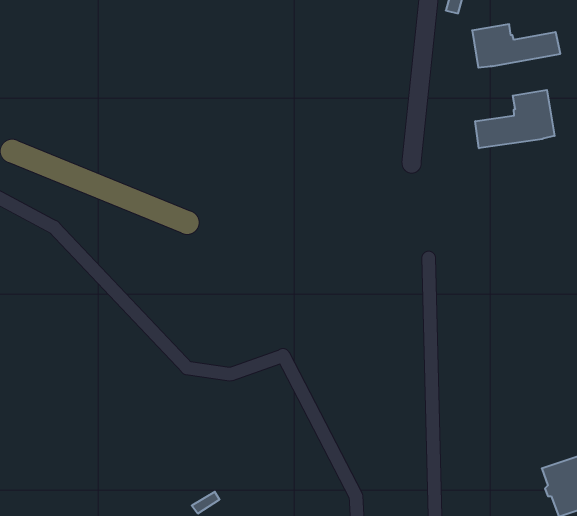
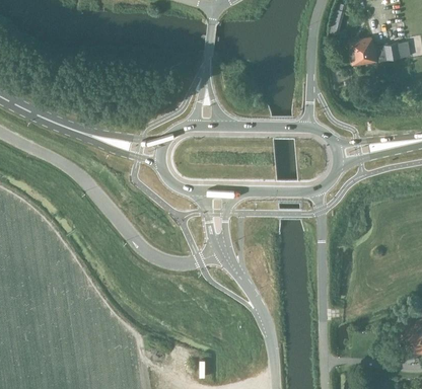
building: [475,90,555,148] -> none

